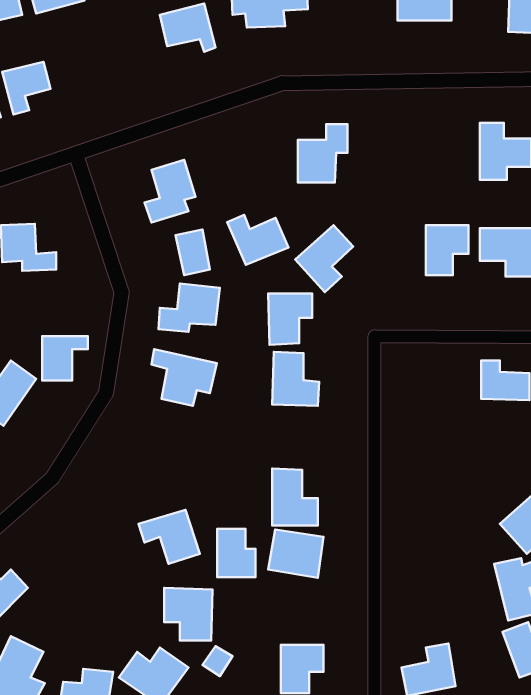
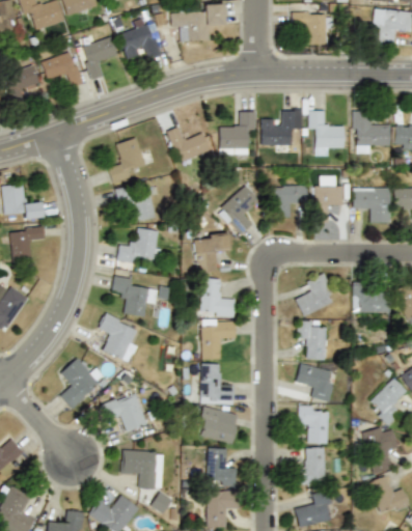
building: none -> [80,36,118,81]
building: none -> [40,52,82,87]
building: none -> [260,109,302,145]
building: none -> [309,111,344,156]
building: [227,215,288,265] -> [166,127,211,163]
building: none -> [270,187,306,218]
building: [42,336,88,380] -> [10,228,44,260]
building: none -> [294,274,335,316]
building: none -> [97,313,139,363]
building: none -> [200,319,235,359]
building: none -> [297,322,326,360]
building: none -> [57,360,104,410]
building: none -> [295,365,335,402]
building: [217,529,255,577] -> [207,448,235,483]
building: none -> [298,408,328,443]
building: none -> [298,448,324,483]

